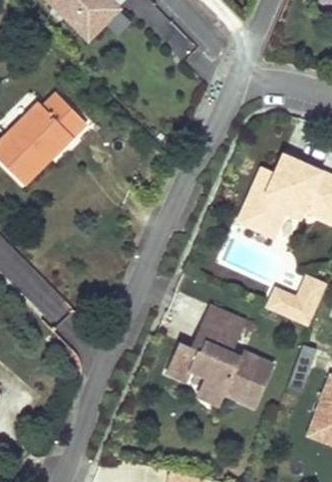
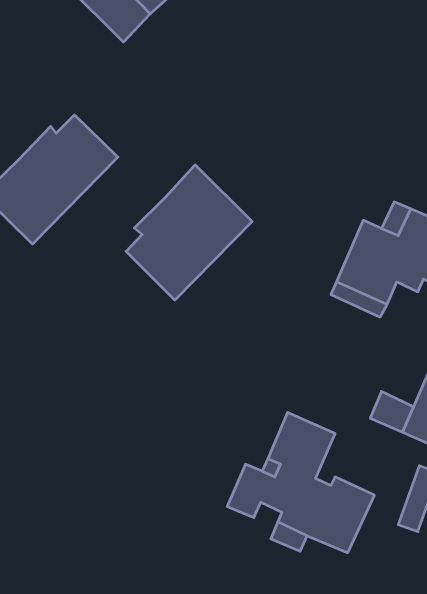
building: none -> [126,165,252,300]

